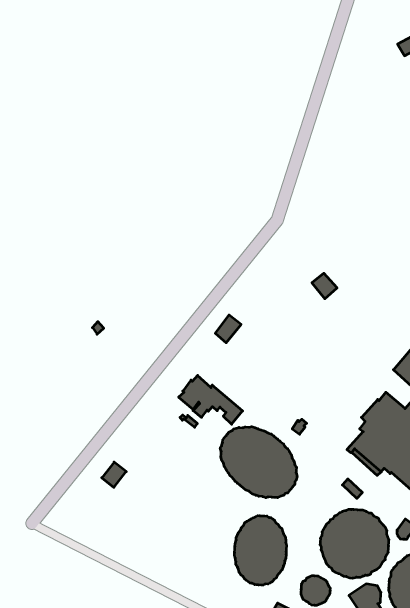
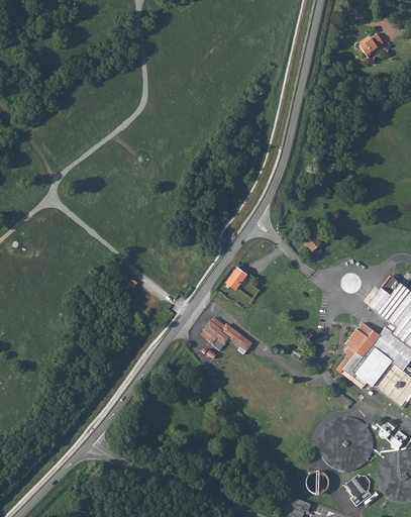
building: [220,427,297,498] -> none
building: [234,516,287,585] -> none

